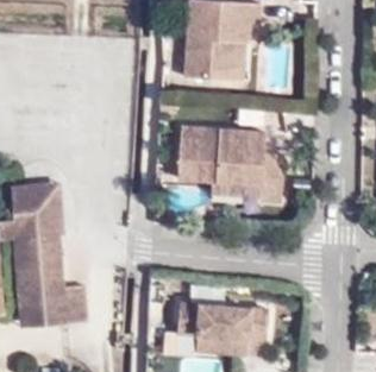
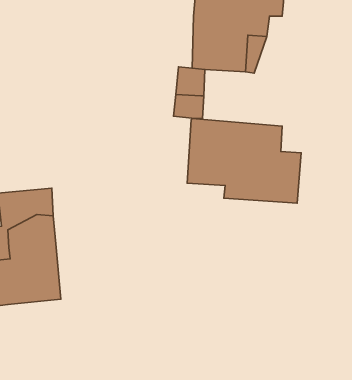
building: [15,290,83,327] -> none
building: [171,298,265,359] -> none

